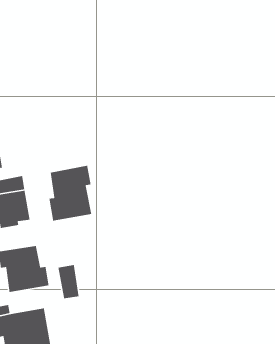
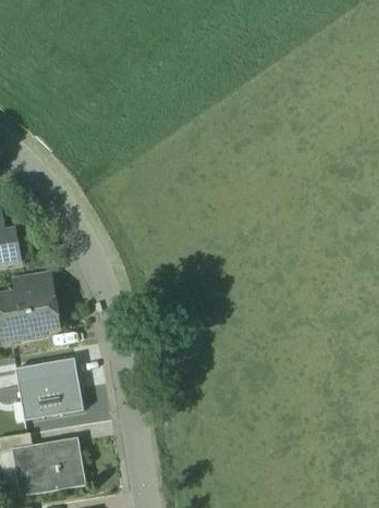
building: [49,165,92,221] -> none
building: [57,264,79,299] -> none

